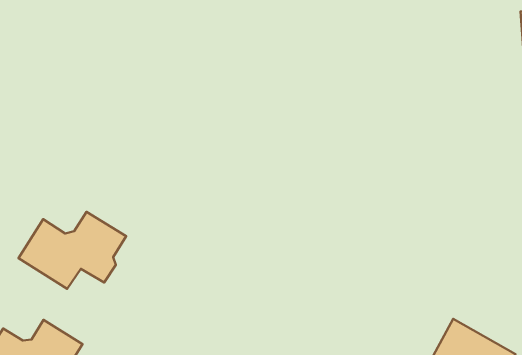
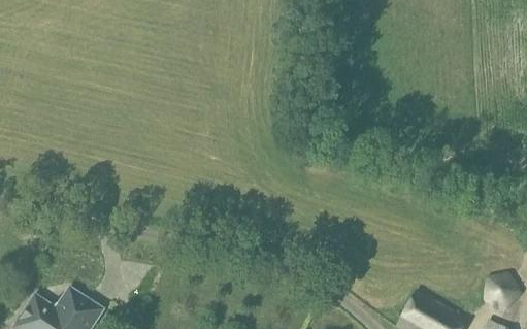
building: [18,212,126,289] -> none

